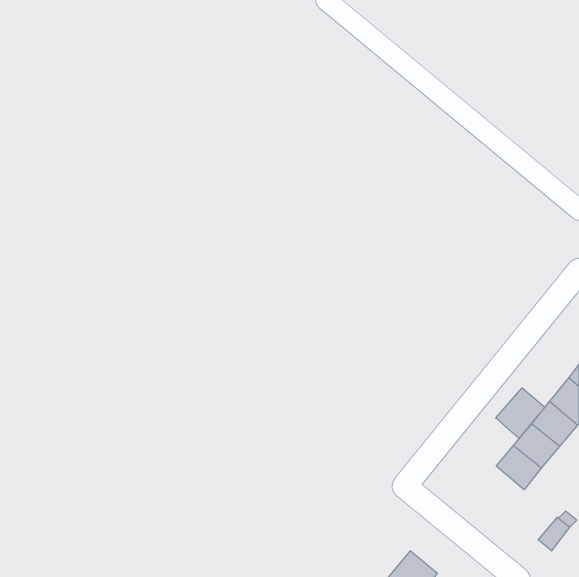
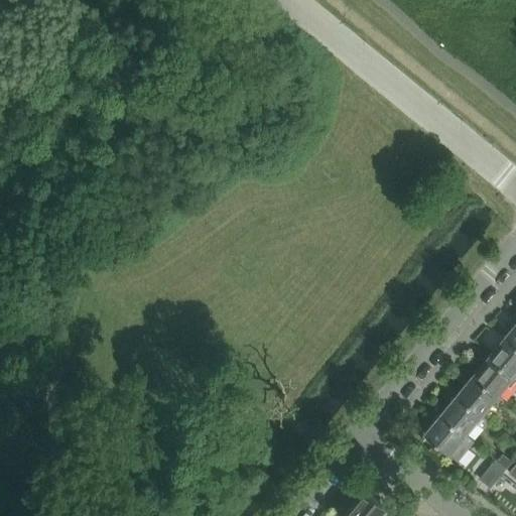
building: [496,388,545,438] -> none
building: none -> [425,416,467,457]

